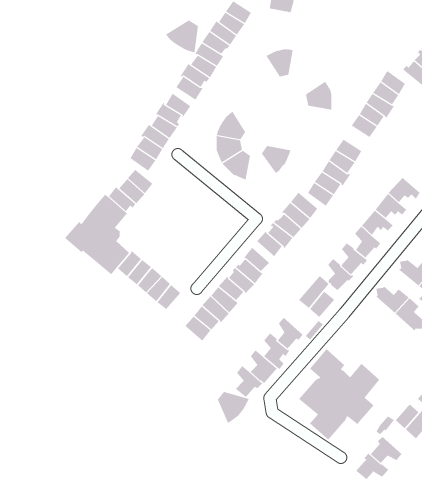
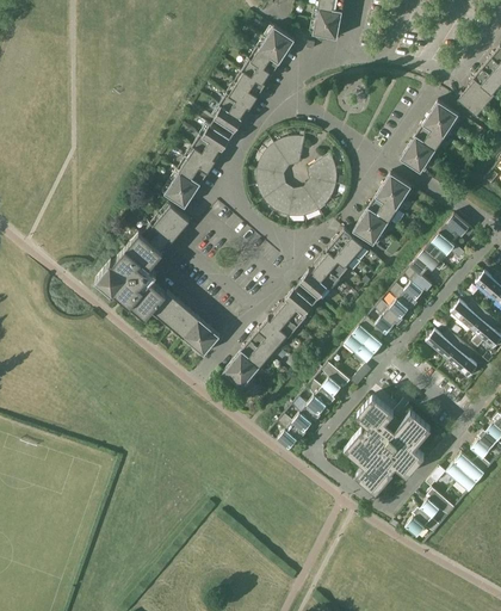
building: [165,20,198,53] -> none
building: [266,49,294,77] -> [274,136,304,166]
building: [305,81,332,110] -> [308,154,336,185]
building: none -> [289,189,320,217]
building: [217,391,249,424] -> none

